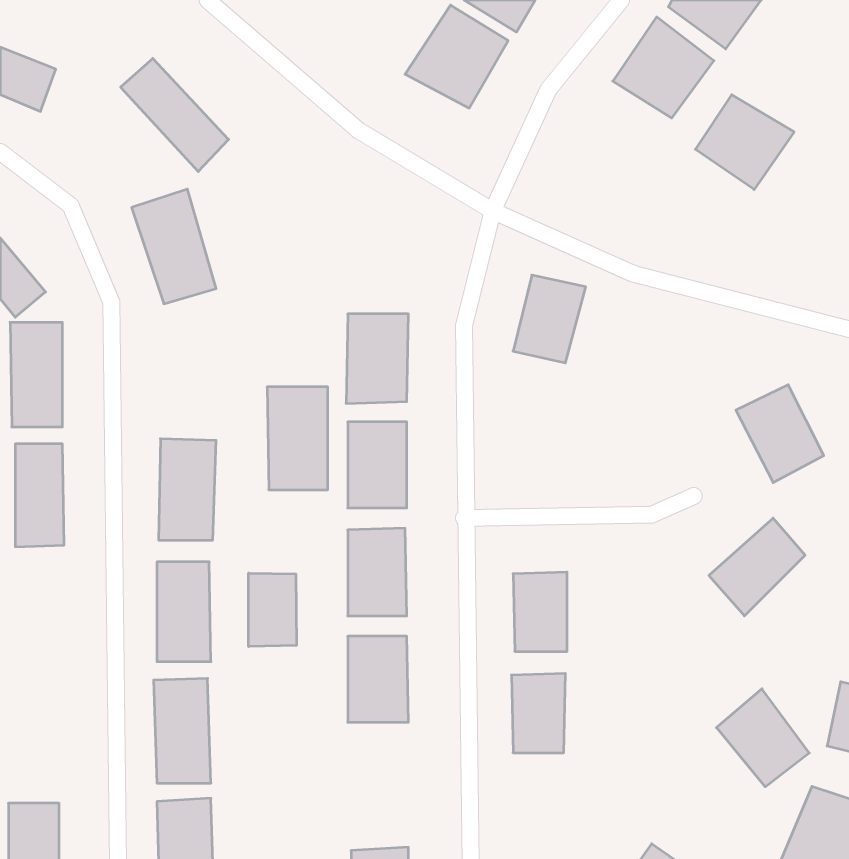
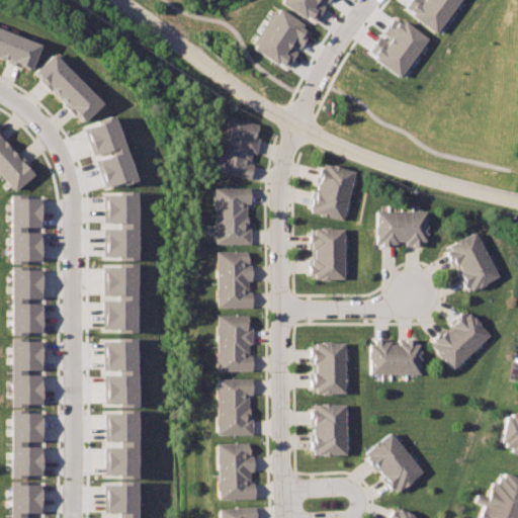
building: [121,58,229,172] -> [38,56,103,123]
building: [695,95,794,190] -> none
building: none -> [221,122,265,179]
building: none -> [378,212,431,245]
building: none -> [314,231,349,280]
building: [267,387,328,490] -> [103,192,140,254]
building: none -> [16,338,46,402]
building: none -> [373,343,423,374]
building: [249,573,296,647] -> none
building: none -> [16,410,44,472]
building: [716,689,809,787] -> [367,433,423,492]
building: none -> [217,446,252,499]

